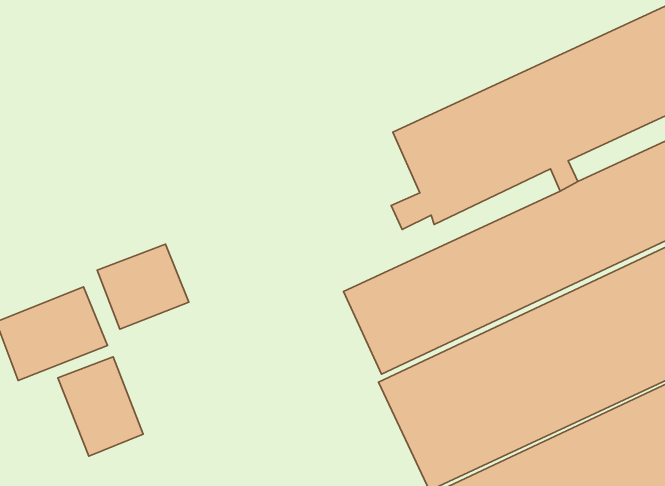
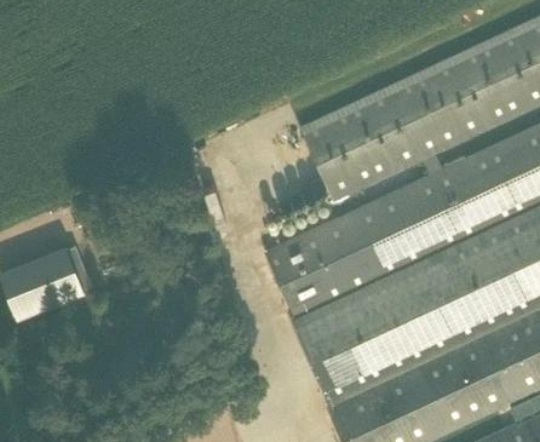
building: [97,244,189,329] -> none
building: [58,357,143,456] -> none

